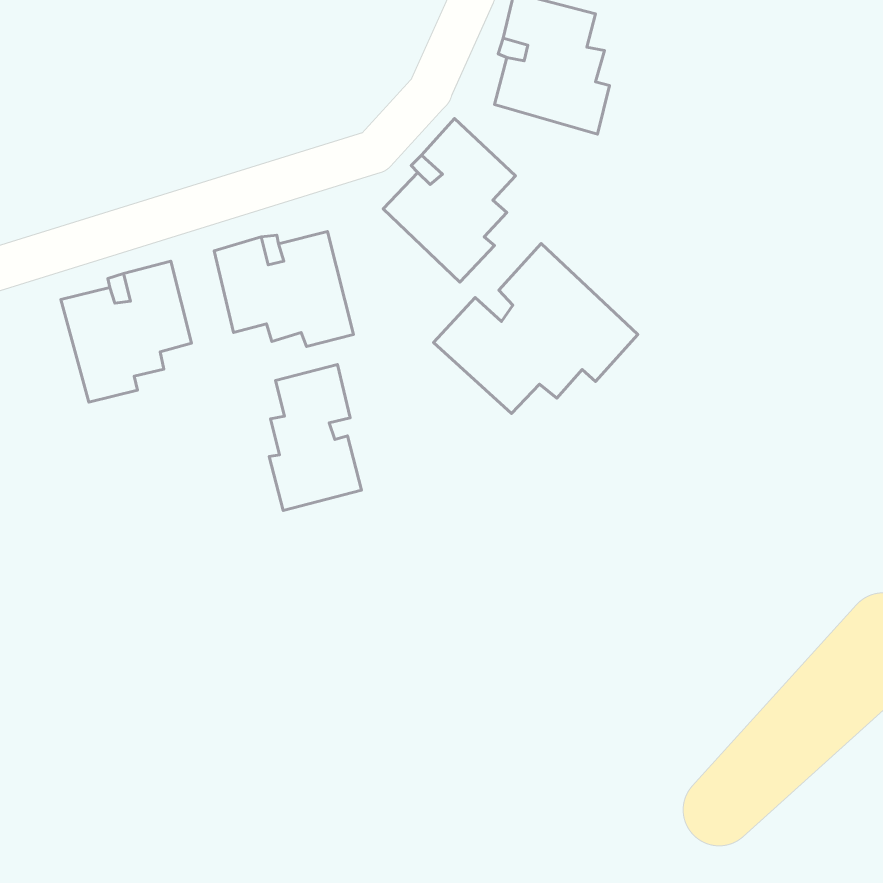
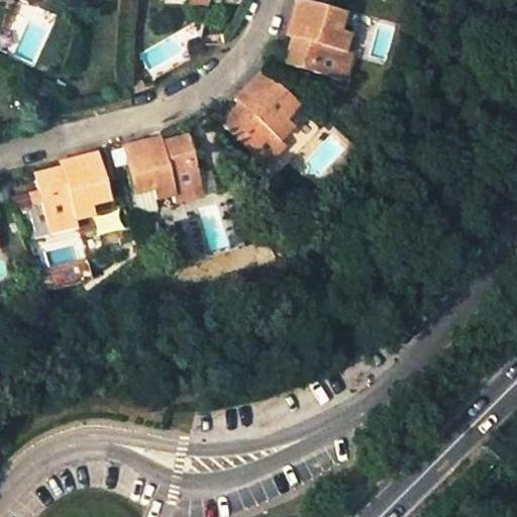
building: [434,243,638,414] -> none
building: [269,365,361,511] -> none

